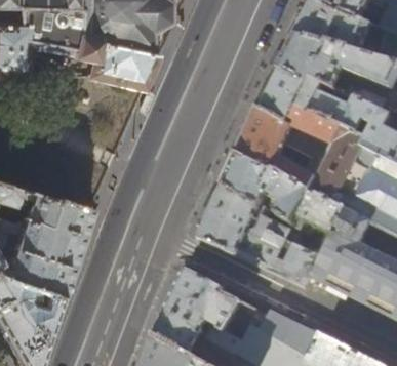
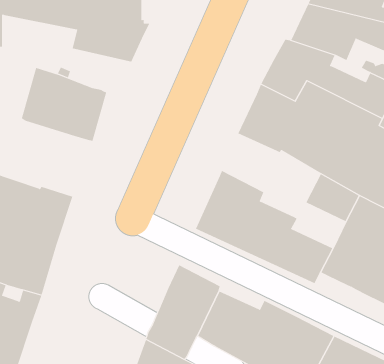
building: none -> [21,67,107,141]
building: [225,153,313,221] -> none

